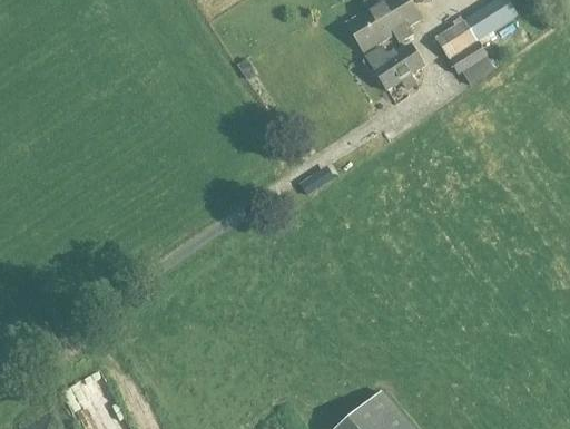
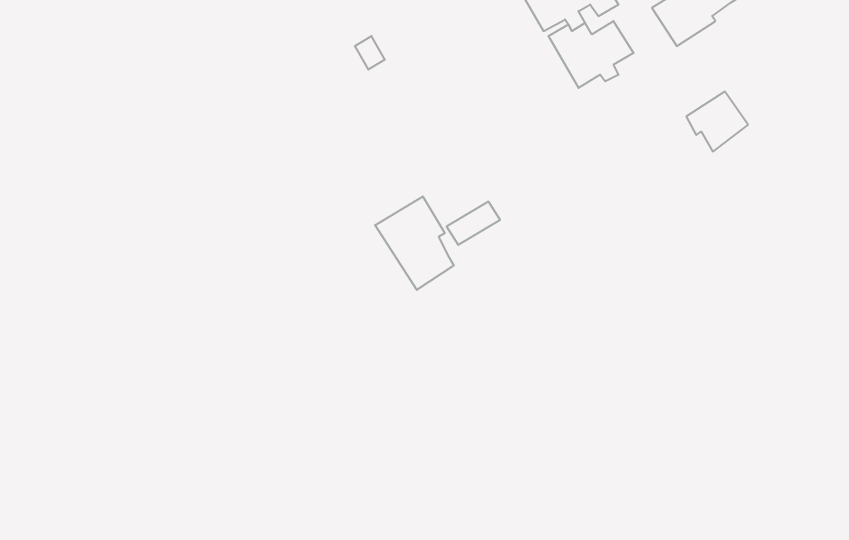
building: [452,45,493,85] -> [686,92,748,152]
building: none -> [375,196,454,290]

